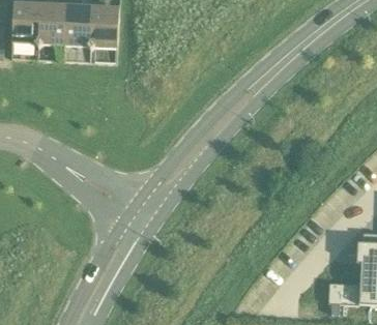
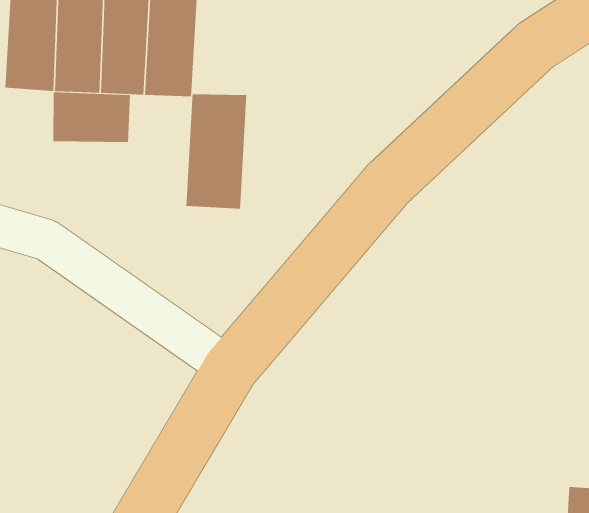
building: none -> [53,92,130,143]
building: none -> [186,94,247,209]

